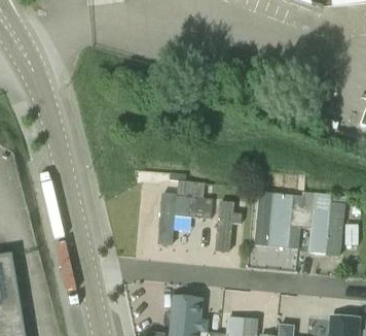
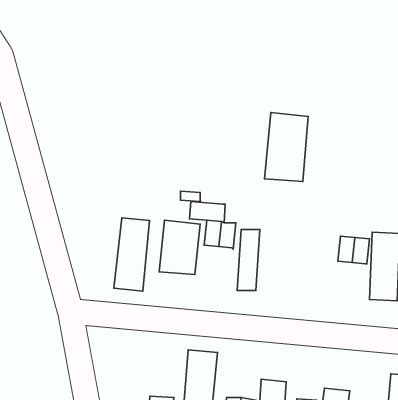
building: none -> [114,218,150,291]
building: [257,193,291,246] -> [264,113,308,181]

